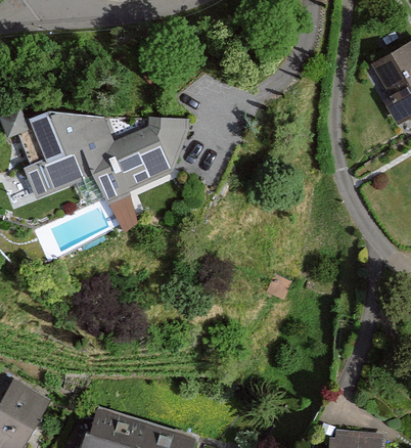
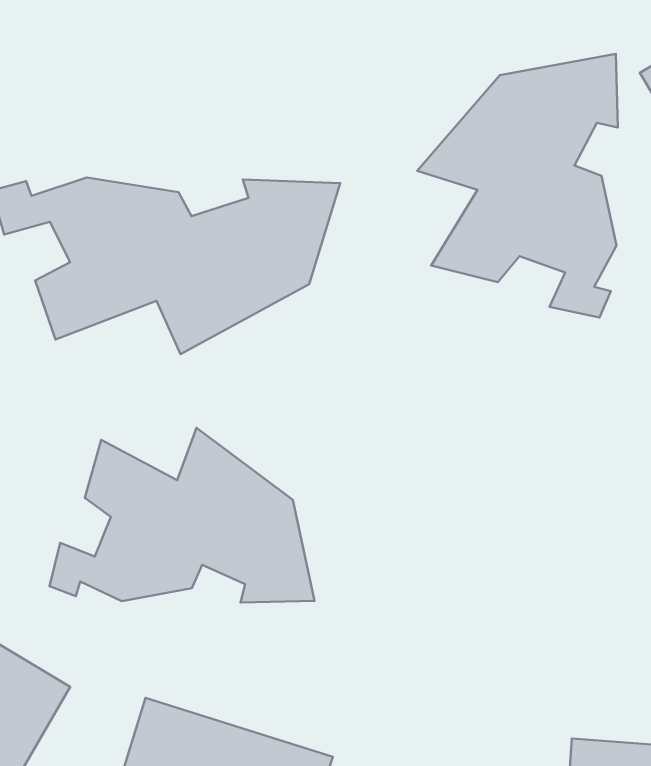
building: none -> [417,54,618,317]
building: none -> [49,428,315,602]

